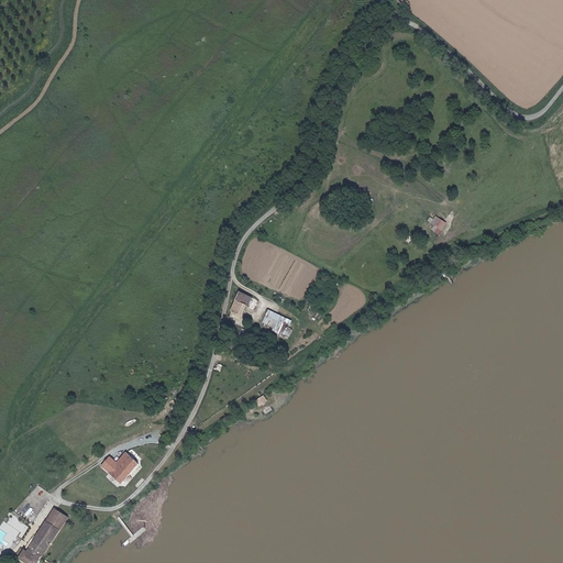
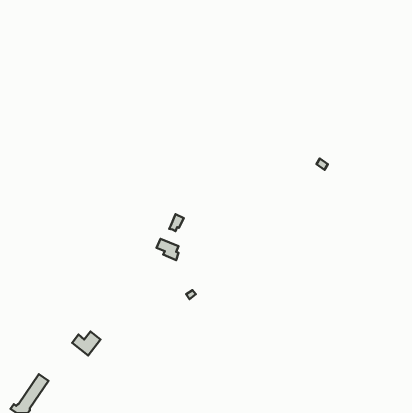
building: [261,310,290,339] -> [157,239,178,260]

